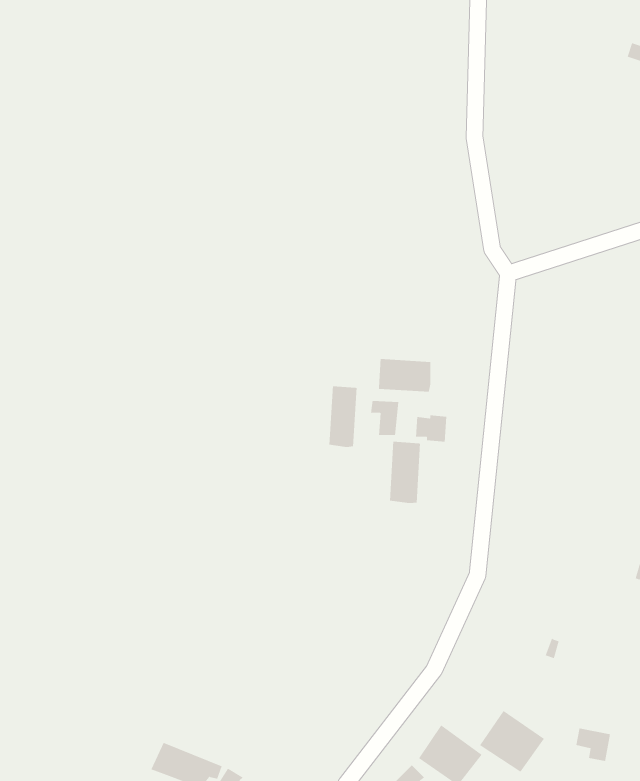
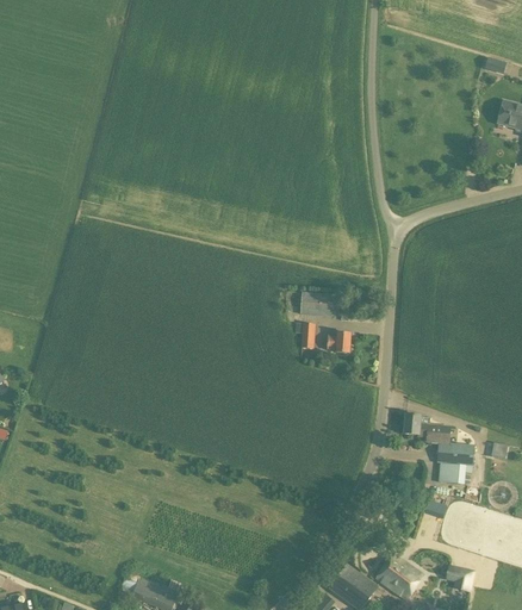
building: [329,386,357,448] -> none
building: [389,441,421,504] -> none
building: none -> [403,415,473,484]

